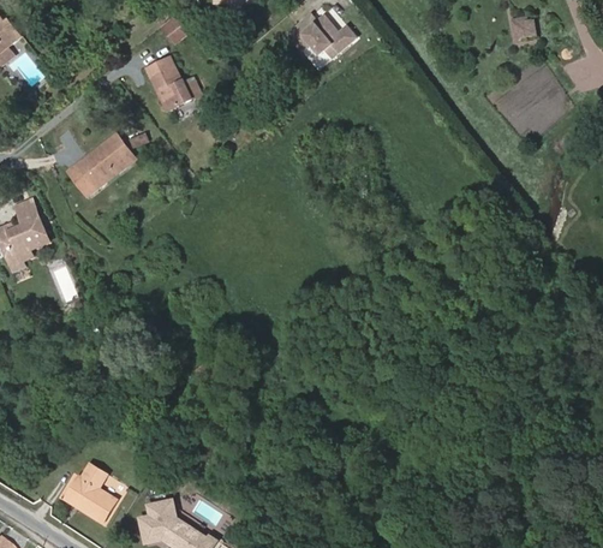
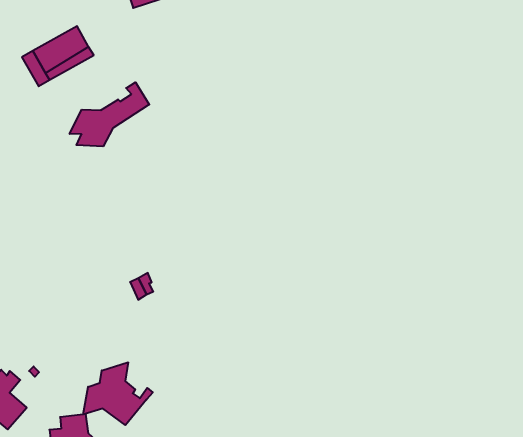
building: none -> [70,82,149,146]
building: none -> [83,362,153,425]

